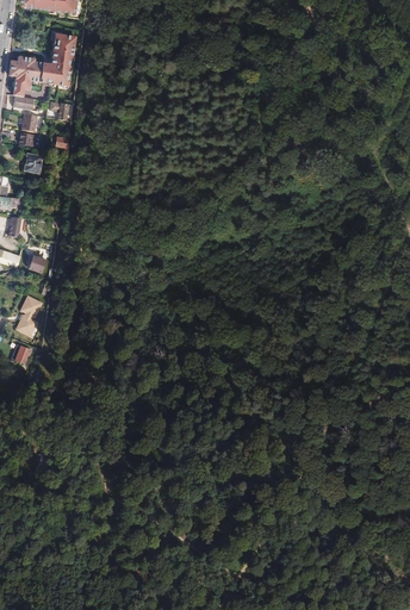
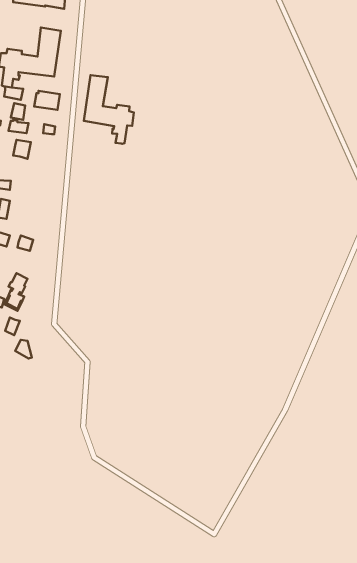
building: none -> [84,75,134,144]

